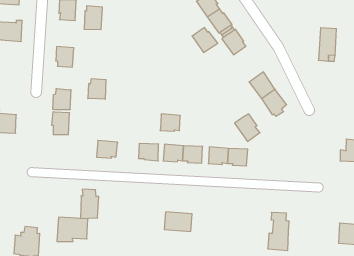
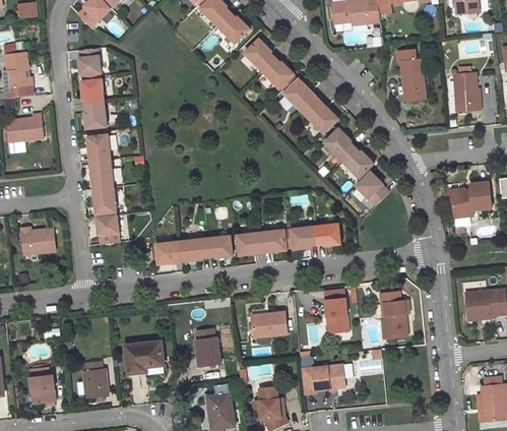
building: [84,6,102,30] -> [83,103,107,133]
building: [192,27,218,53] -> [302,99,334,129]
building: [88,79,106,99] -> [89,160,113,186]
building: [235,114,260,141] -> [359,170,391,203]
building: [160,114,180,131] -> [183,238,208,260]
building: [81,189,99,218] -> [195,328,219,366]
building: none -> [324,298,348,333]

